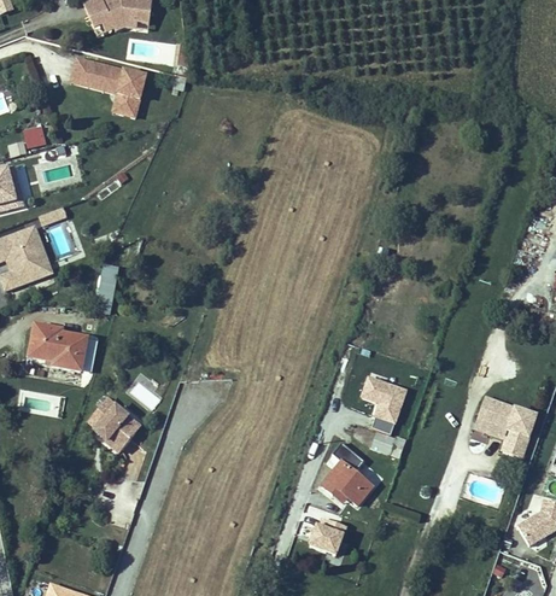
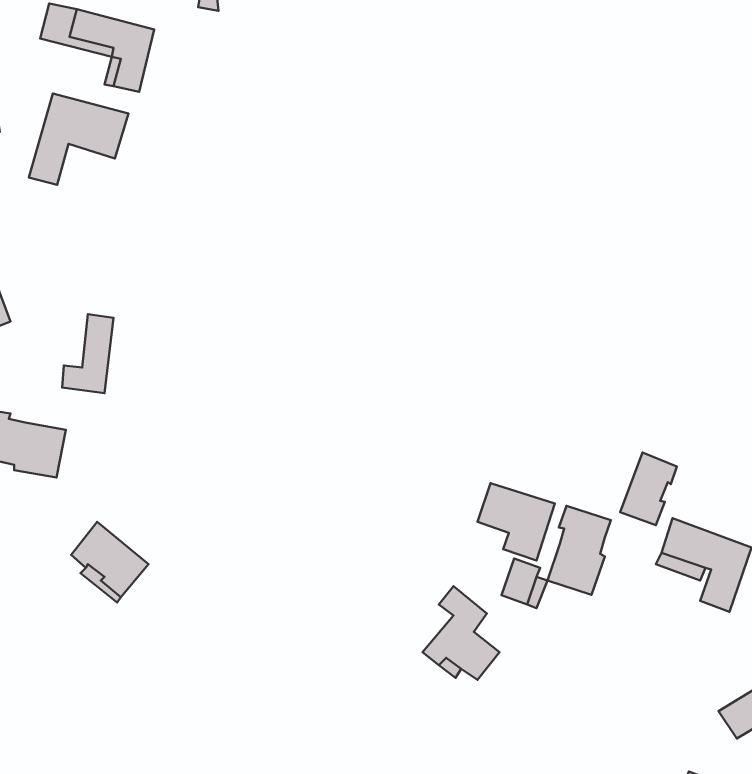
building: none -> [29,94,129,185]
building: none -> [620,453,677,525]
building: none -> [547,506,611,595]
building: [309,515,347,555] -> none

